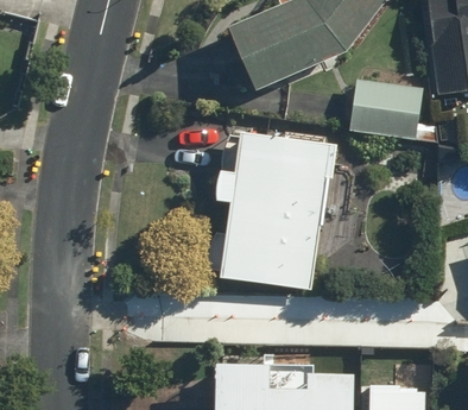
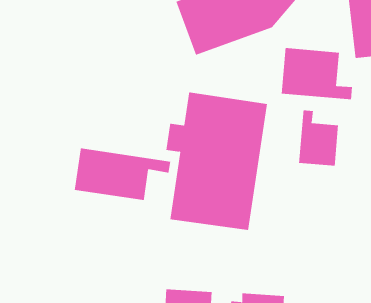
building: none -> [299,110,338,167]
building: none -> [74,148,171,201]

